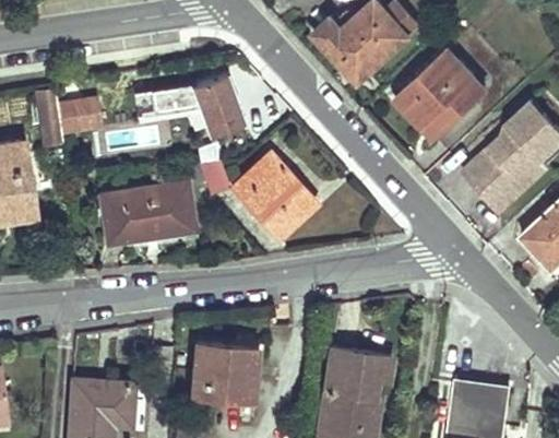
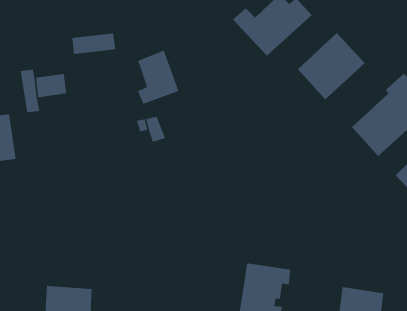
building: [136,93,194,121] -> [72,33,116,55]
building: [229,153,316,235] -> none
building: [99,181,190,244] -> none
building: [190,343,253,401] -> none

